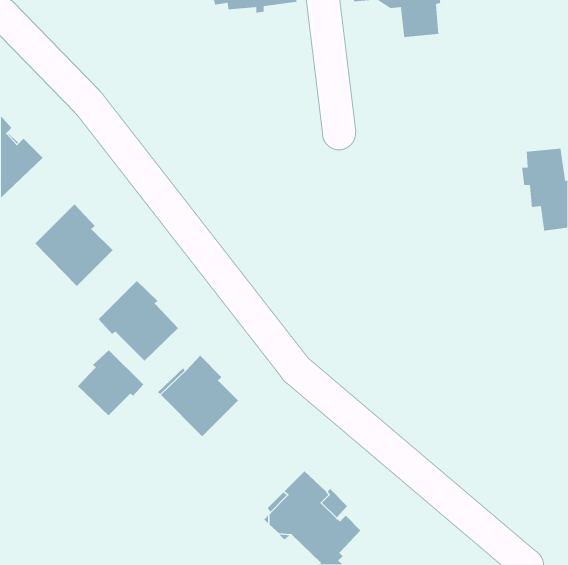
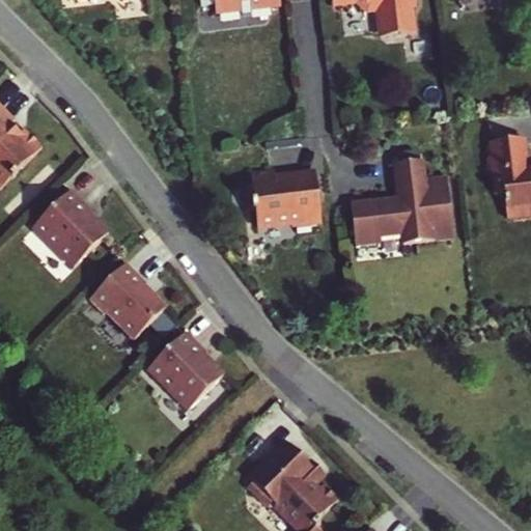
building: none -> [347,160,451,245]
building: none -> [245,171,318,229]
building: [77,349,144,416] -> none

